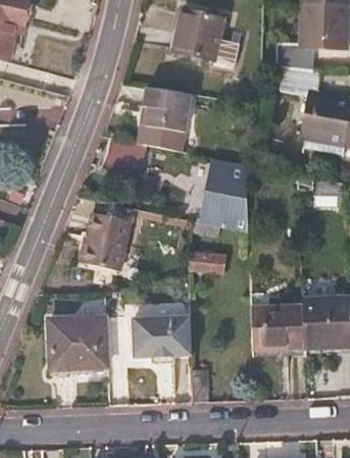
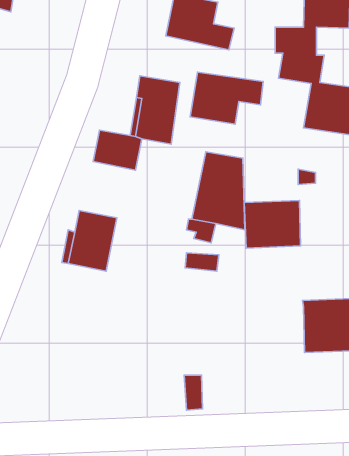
building: none -> [190,72,263,124]
building: [251,306,304,351] -> [244,200,301,248]
building: [49,316,107,370] -> none
building: [131,317,190,359] -> none

